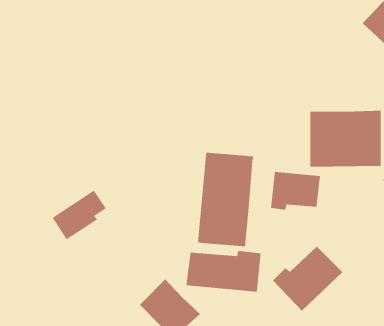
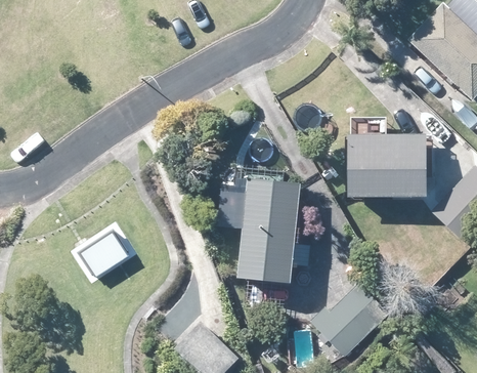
building: [271,171,320,210] -> none
building: [186,250,261,293] -> none

